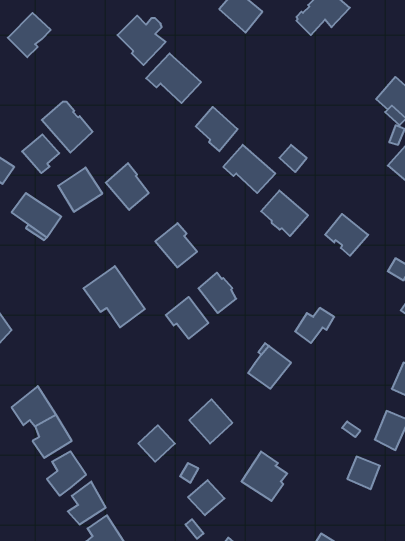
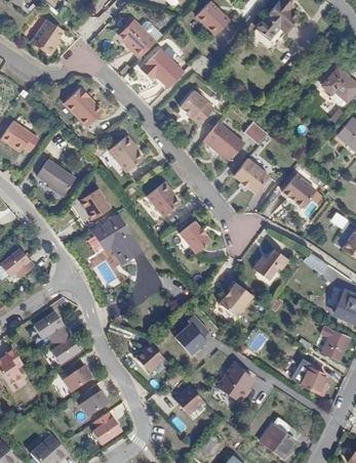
building: [22,134,59,173] -> none
building: [58,167,102,212] -> [79,185,114,220]
building: [166,297,208,339] -> none

